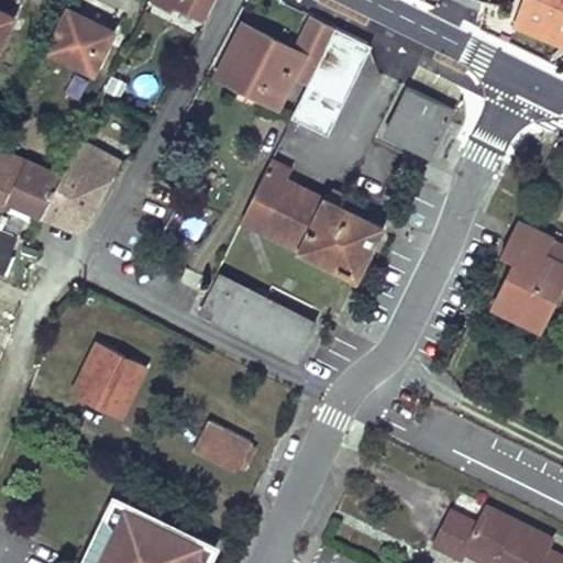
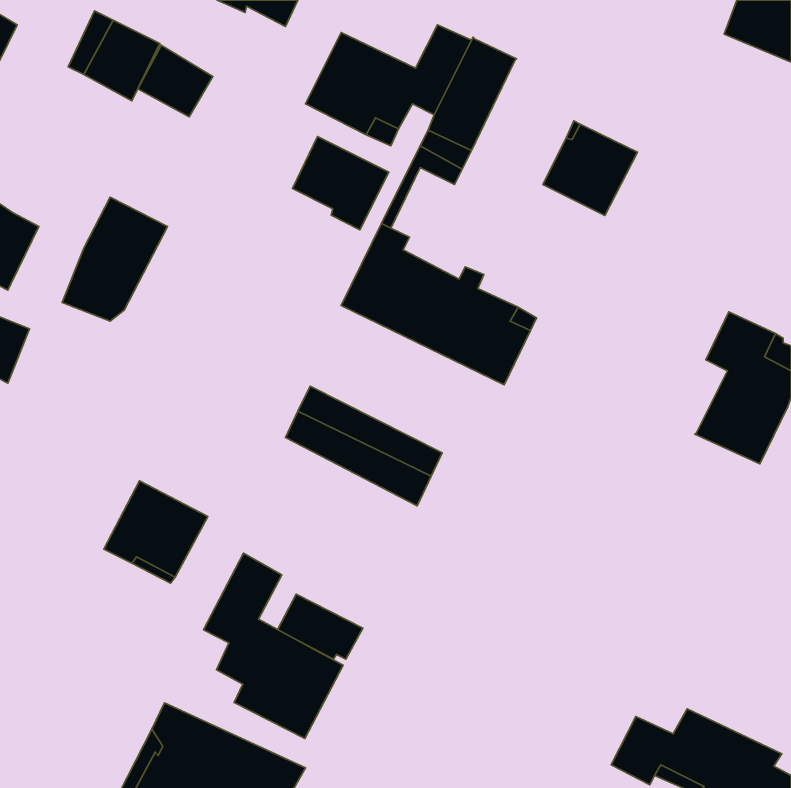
building: none -> [138,45,213,117]
building: none -> [293,137,389,230]
building: [8,164,59,218] -> none
building: none -> [204,553,343,739]

